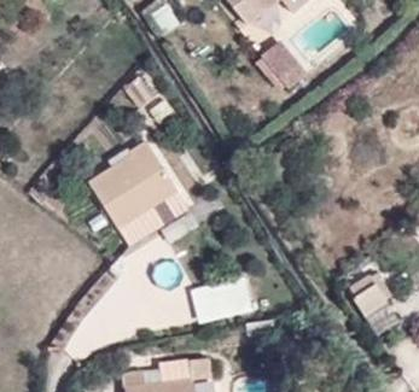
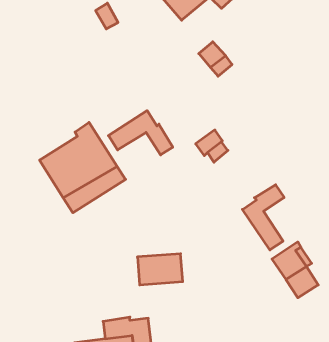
building: none -> [108,111,173,155]
building: none -> [242,185,284,250]

